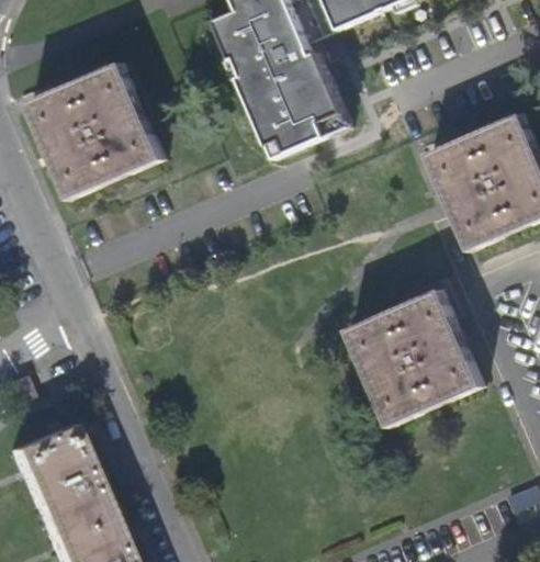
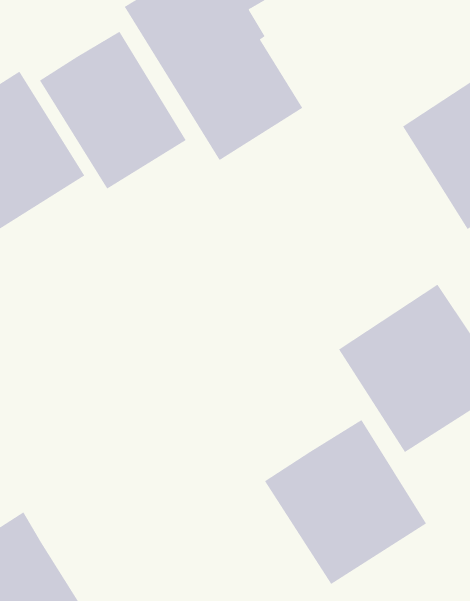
building: none -> [39,31,186,190]
building: none -> [264,419,427,585]

